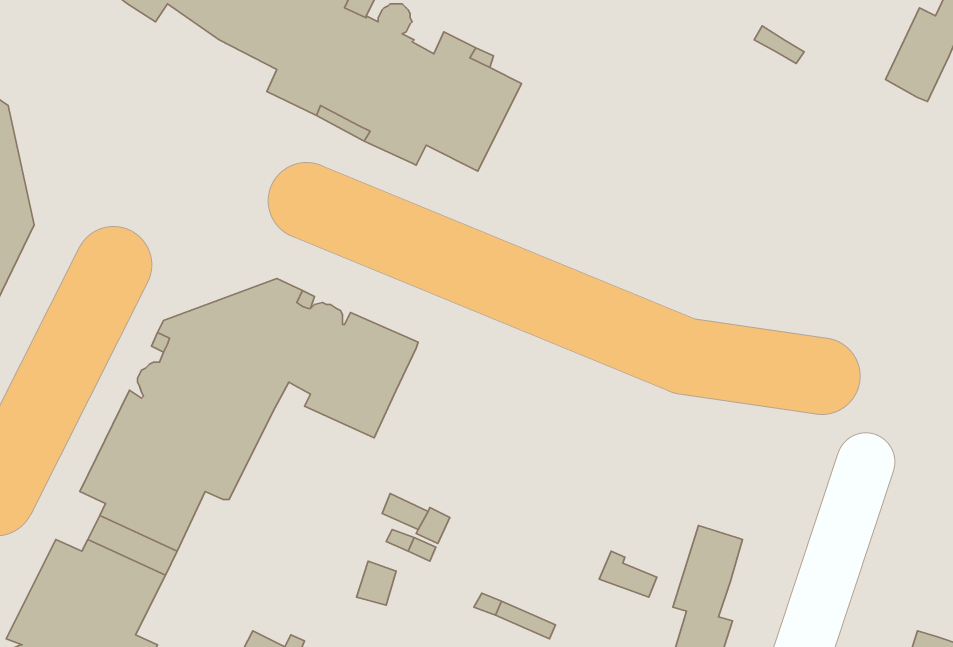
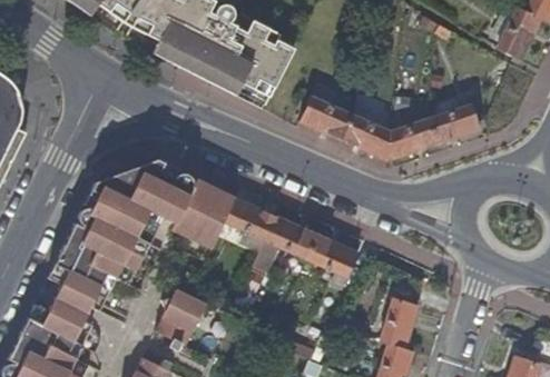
building: none -> [299,97,481,159]
building: none -> [224,198,359,290]
building: none -> [156,289,206,350]

